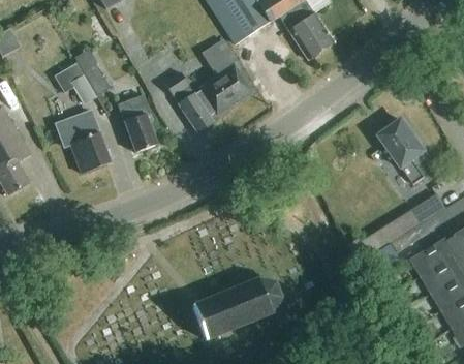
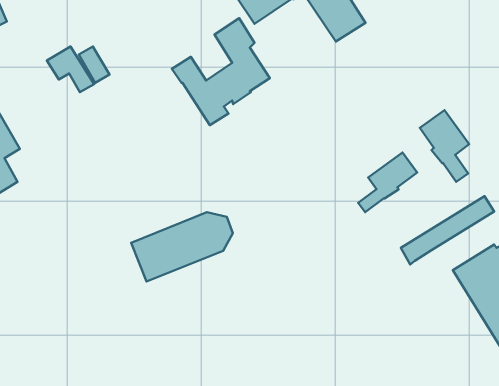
building: [118,95,156,152] -> none
building: [64,118,110,173] -> none
building: none -> [358,153,417,212]
building: [191,278,280,339] -> [131,212,233,282]

